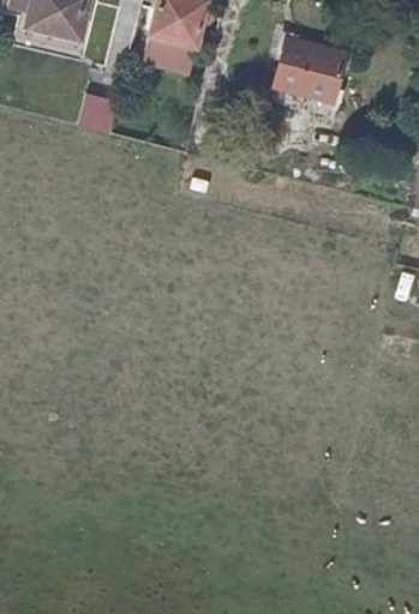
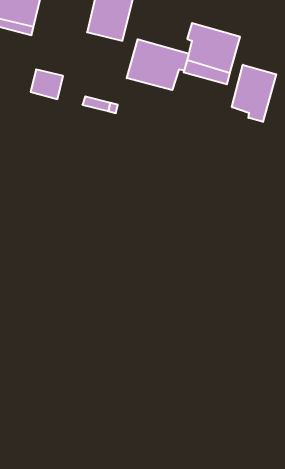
building: none -> [127,39,189,90]
building: none -> [232,65,276,122]

